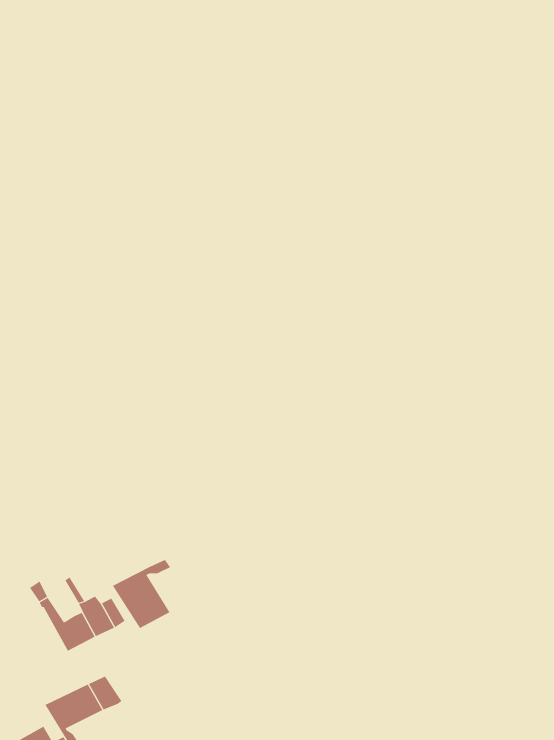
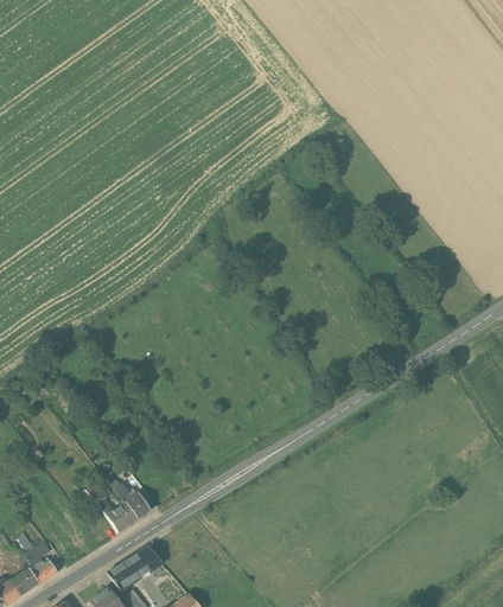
building: [112,559,171,629] -> none

